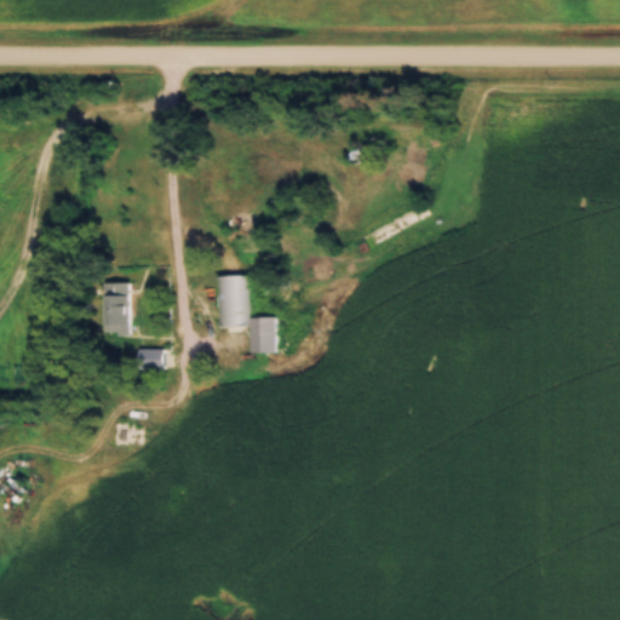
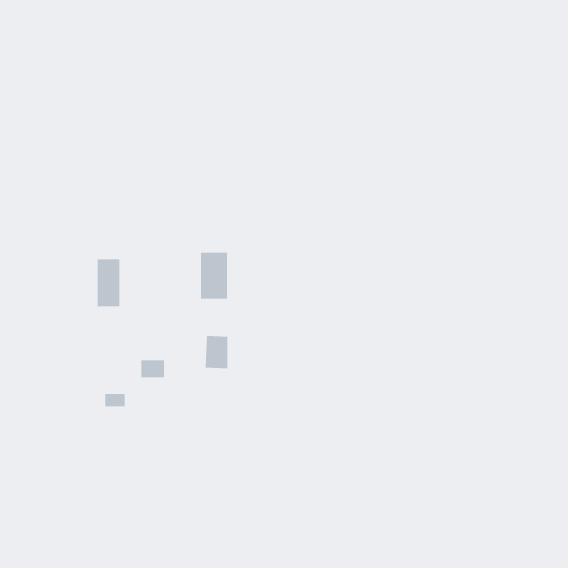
building: [251,317,276,354] -> [205,336,228,369]
building: [137,350,163,369] -> [140,360,165,378]

